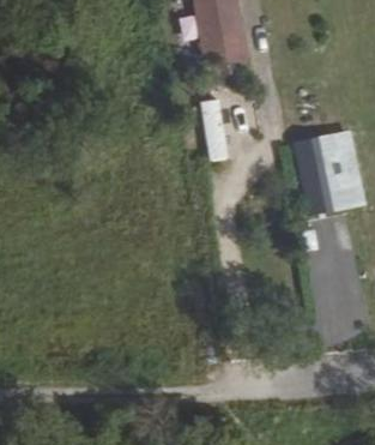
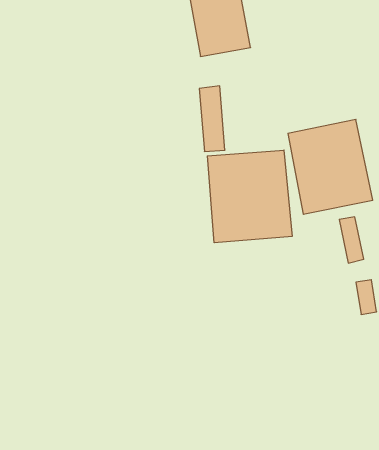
building: none -> [207,150,292,243]

